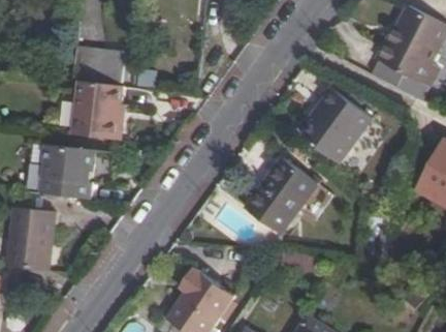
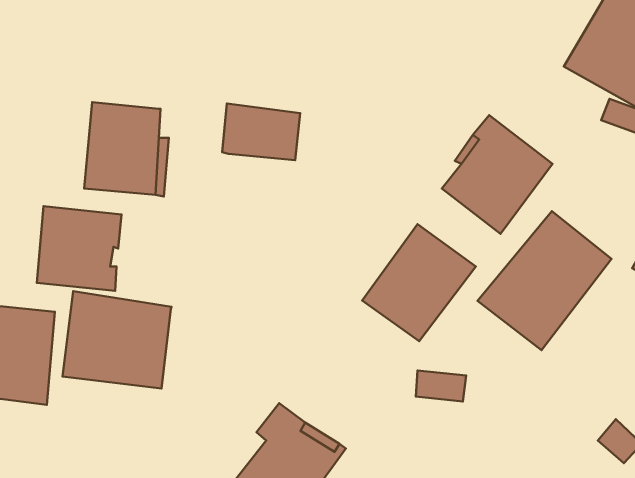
building: [70,48,120,84] -> [222,103,300,160]
building: none -> [477,211,612,350]
building: none -> [63,291,171,388]

